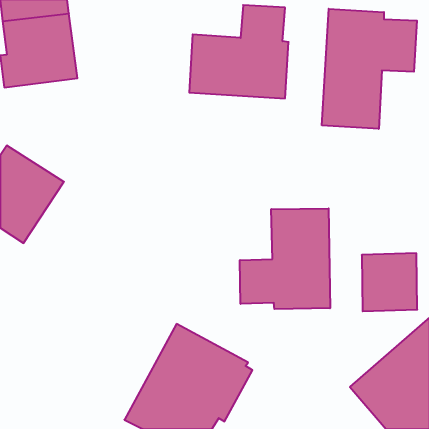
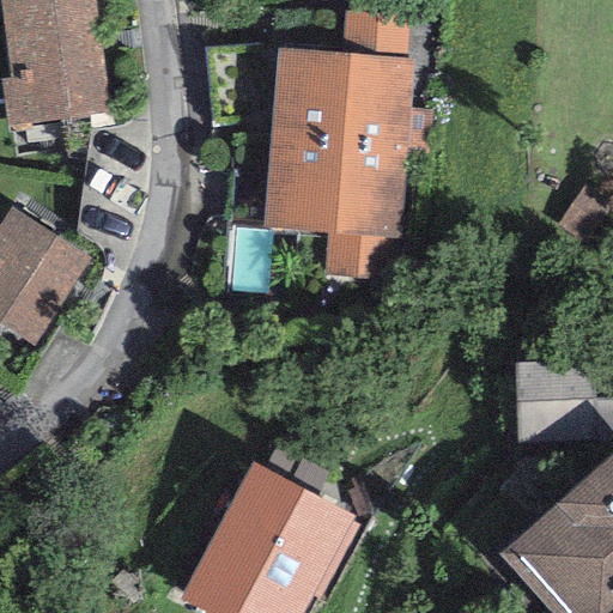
building: [322,9,417,129] -> none
building: none -> [265,132,407,280]
building: [240,208,330,309] -> none

